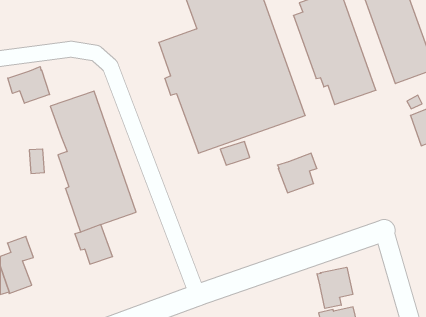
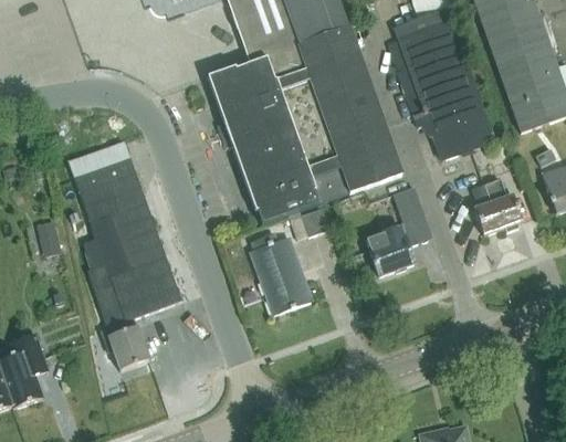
building: [8,67,50,103] -> none
building: none -> [472,179,522,234]
building: none -> [391,187,423,225]
building: none -> [251,233,310,313]
building: [317,267,353,308] -> none

